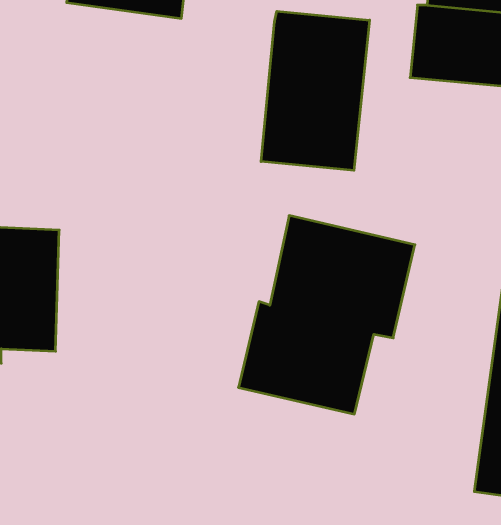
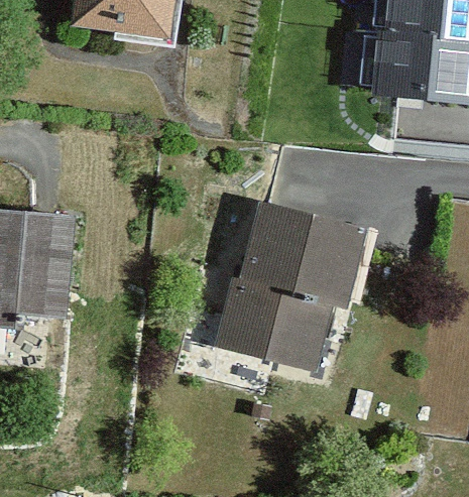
building: [261,11,370,170] -> none

